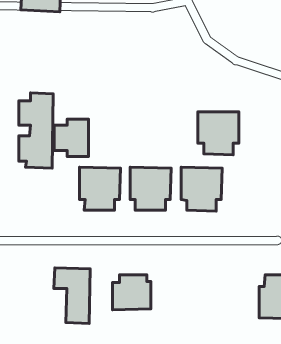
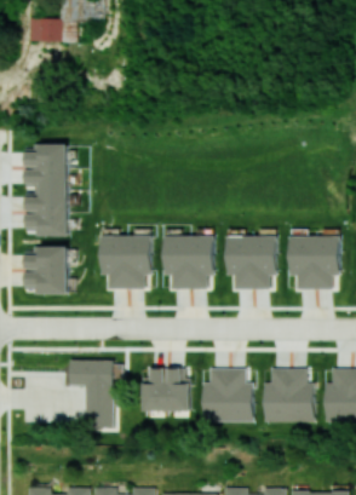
building: [198,112,239,155] -> [289,236,340,289]
building: [54,119,89,156] -> [24,247,67,293]
building: none -> [201,367,252,422]
building: none -> [262,367,314,421]

